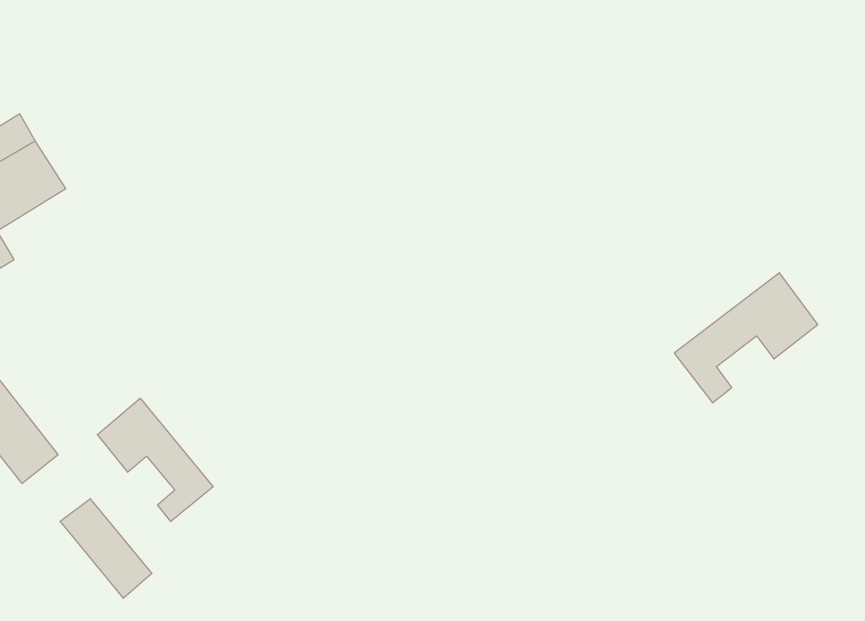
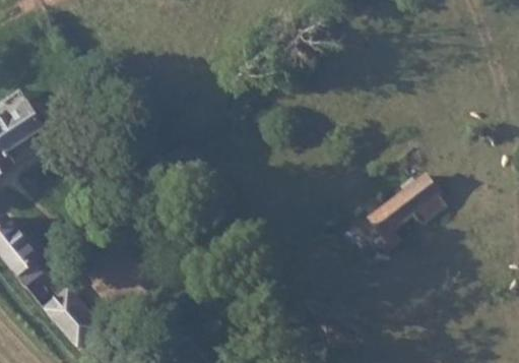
building: [97,398,213,521] -> none

